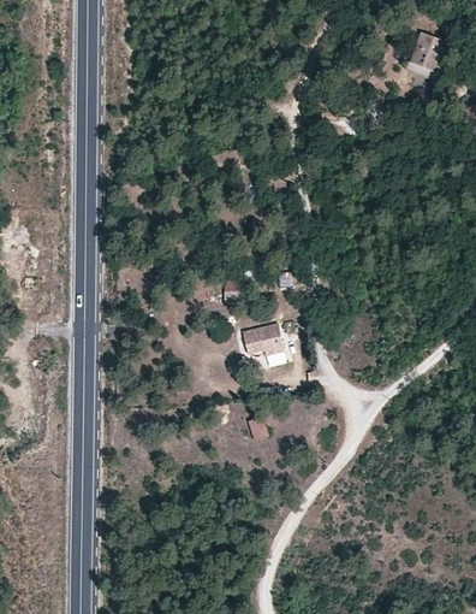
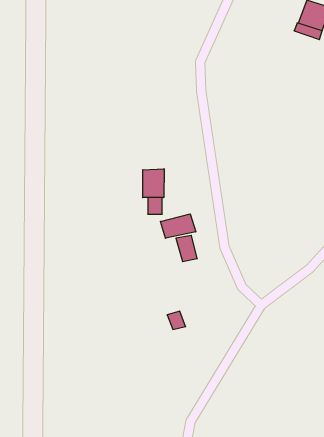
building: none -> [143,169,164,198]
building: none -> [160,214,196,238]

